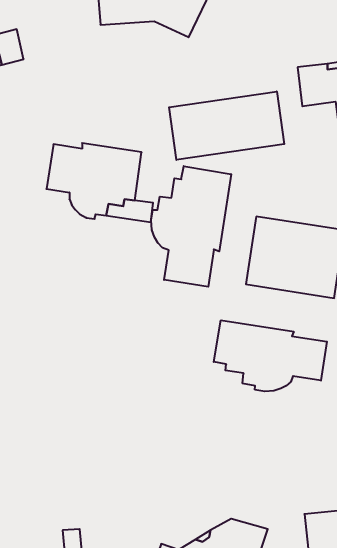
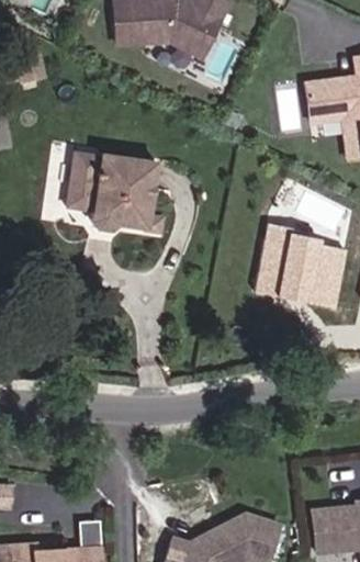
building: [169,91,284,160] -> none
building: [151,166,231,287] -> none
building: [214,320,327,391] -> none

